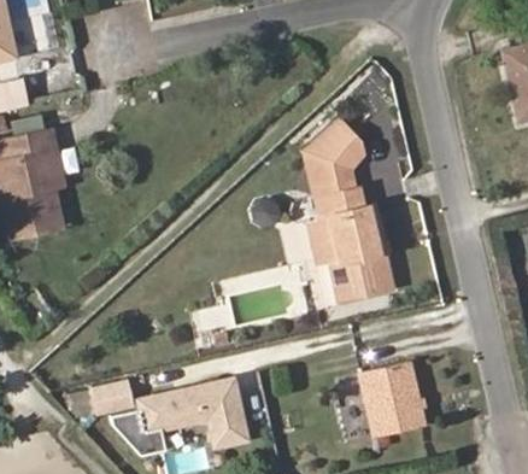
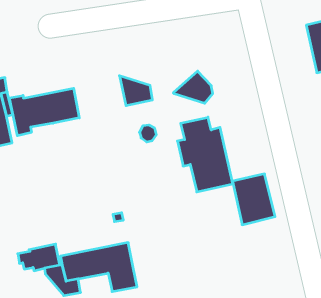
building: none -> [9,88,79,136]
building: [305,153,354,198] -> [119,76,152,106]
building: [360,361,424,437] -> [232,174,275,225]

